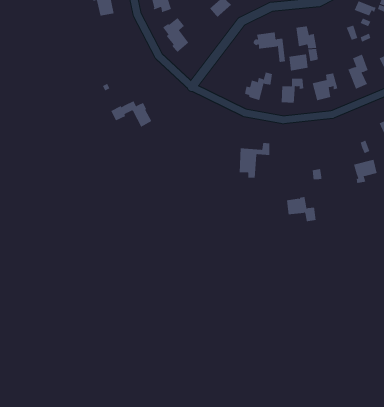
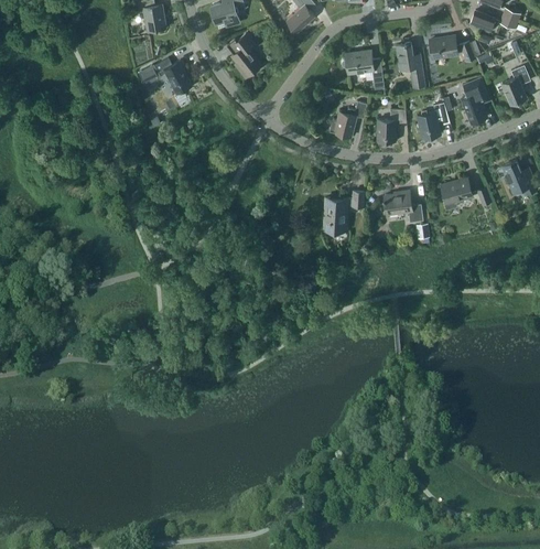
building: [289,54,309,71] -> [431,36,456,58]
building: [110,100,152,127] -> [138,58,191,93]
building: [353,159,377,184] -> [440,179,471,209]
building: [286,197,317,222] -> [384,191,422,223]

